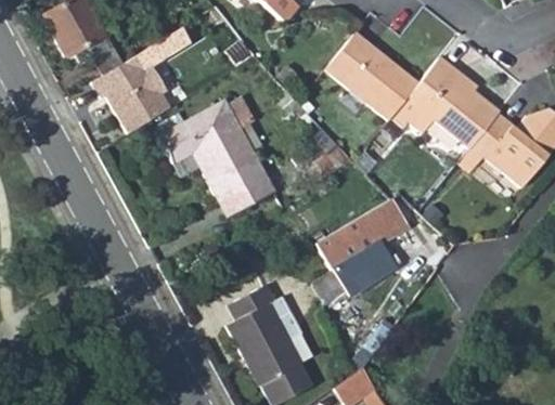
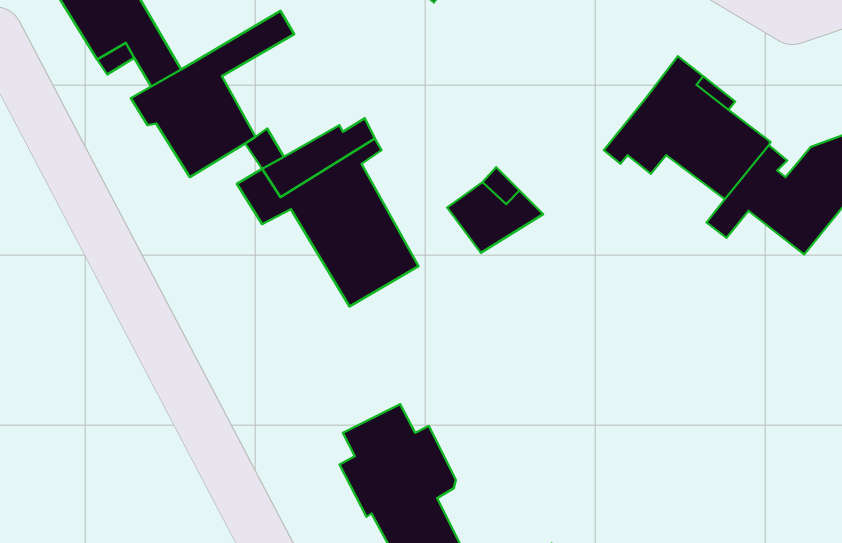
building: [330,34,422,121] -> none
building: [318,200,416,298] -> none

